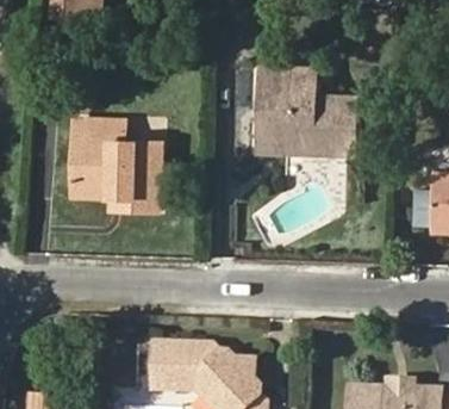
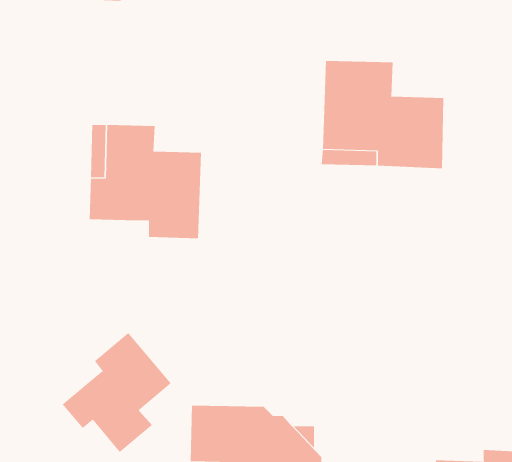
building: none -> [62,332,171,453]

